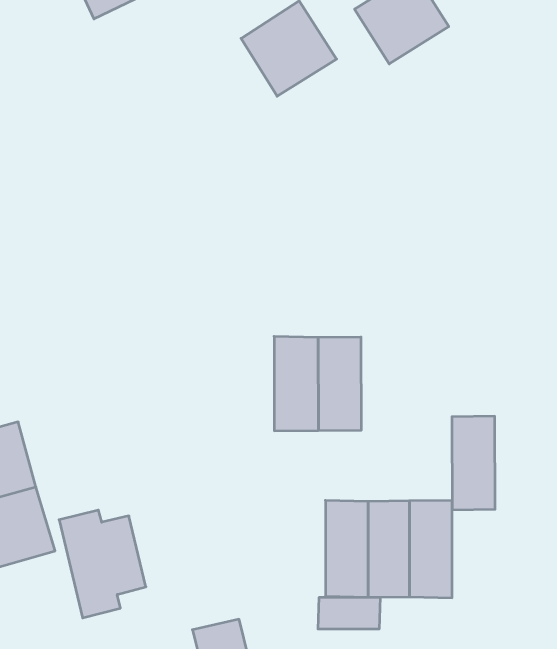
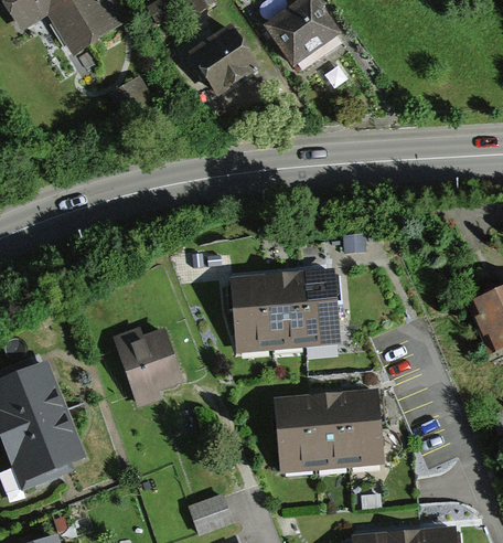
building: [452,416,495,510] -> [295,270,333,343]
building: [59,510,146,618] -> [113,324,182,406]
building: [318,597,380,629] -> none

